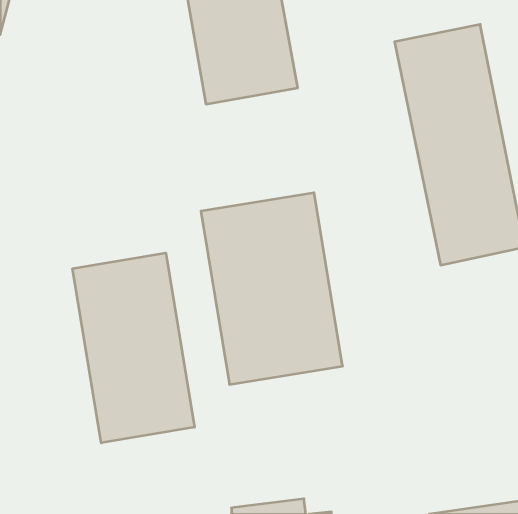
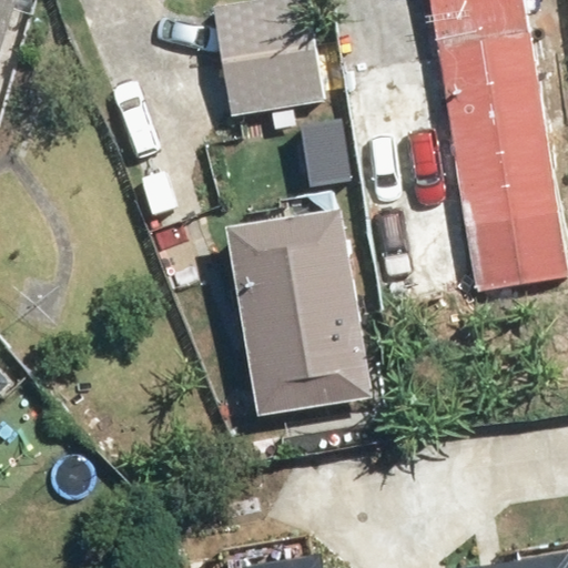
building: [73,253,194,443] -> none

